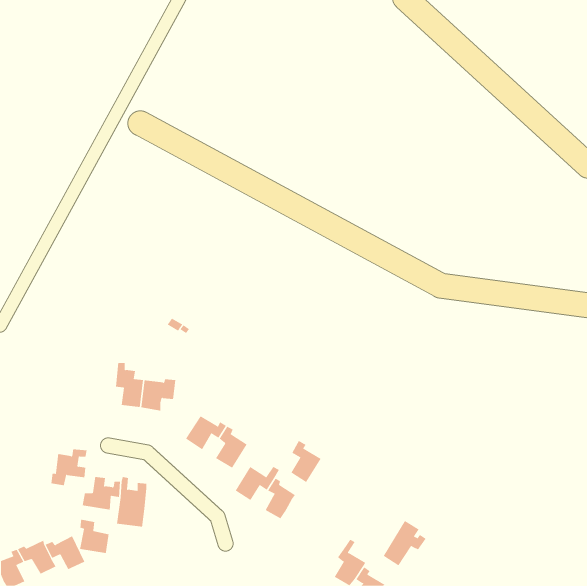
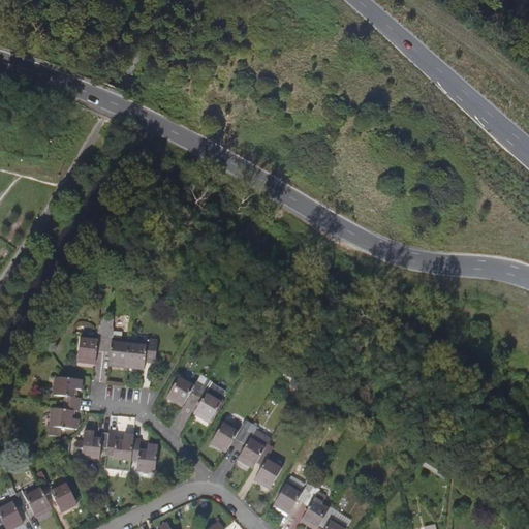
building: none -> [77,324,106,362]
building: none -> [54,377,84,404]
building: [290,440,321,483] -> [256,448,284,487]
building: none -> [131,438,157,473]
building: [79,519,109,554] -> none
building: [383,520,426,566] -> [272,473,311,515]

